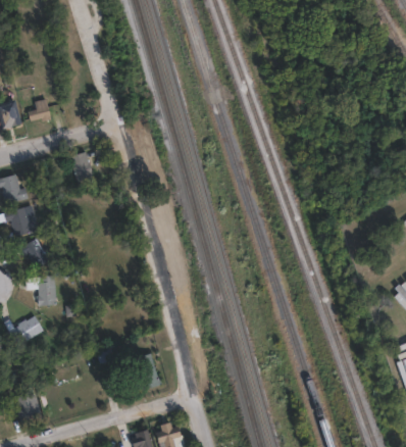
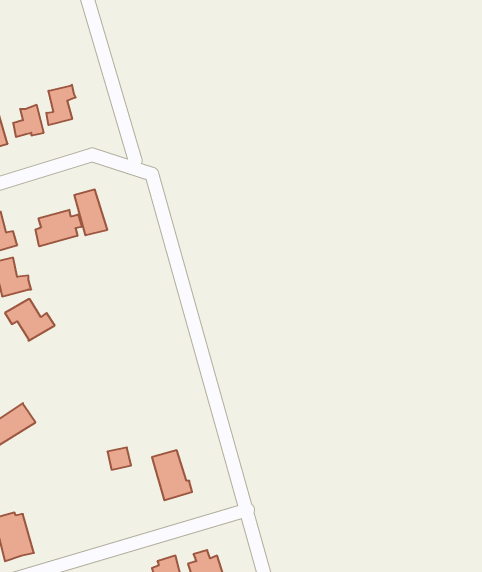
building: none -> [46,85,76,125]
building: none -> [36,210,82,246]
building: [34,270,53,302] -> none

